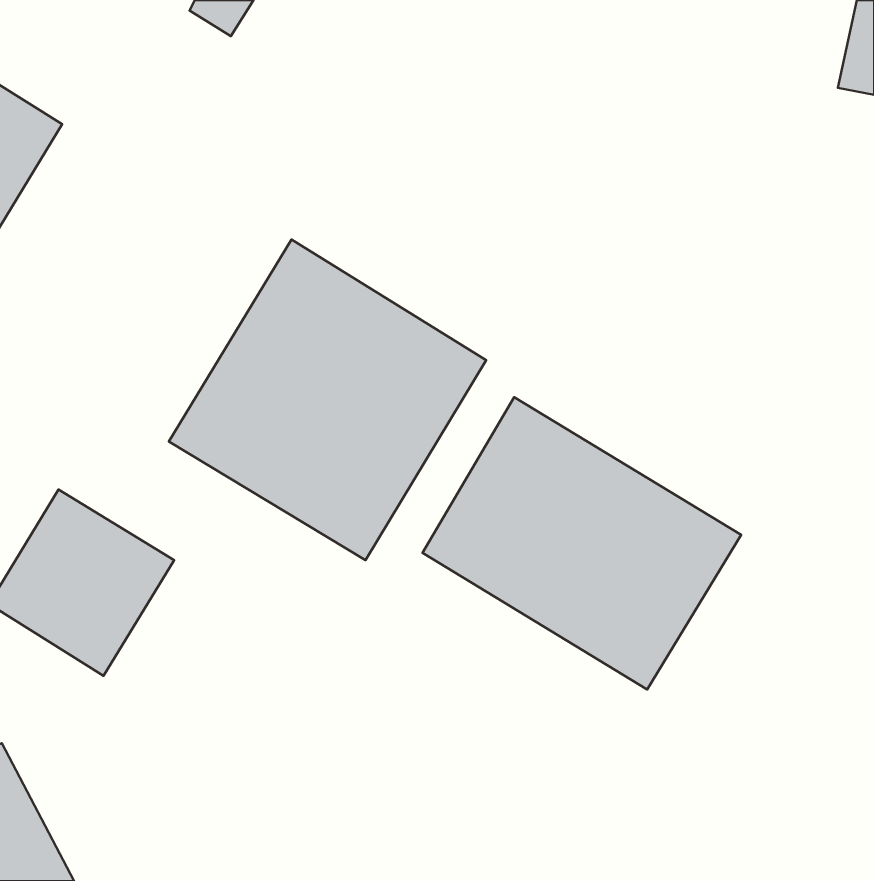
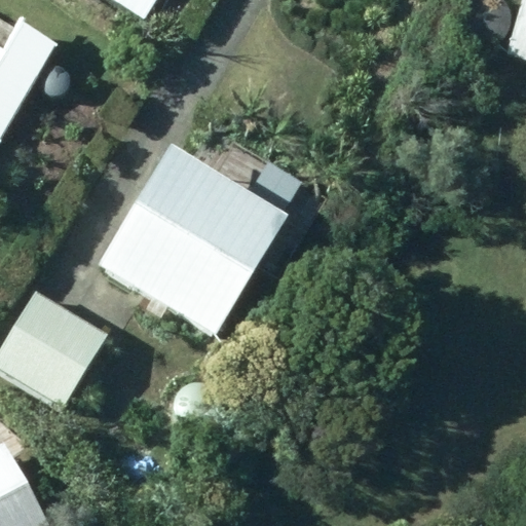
building: [423,397,741,690] -> none

